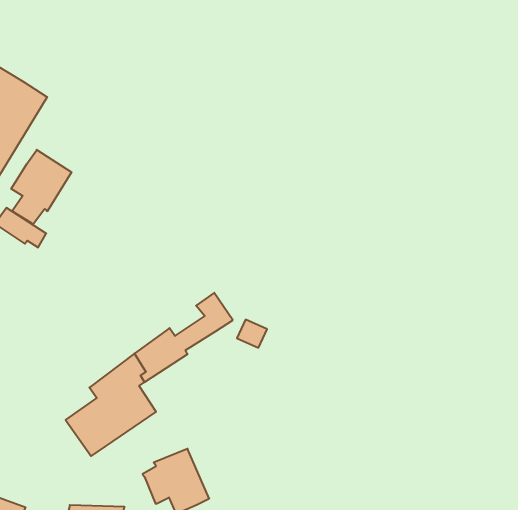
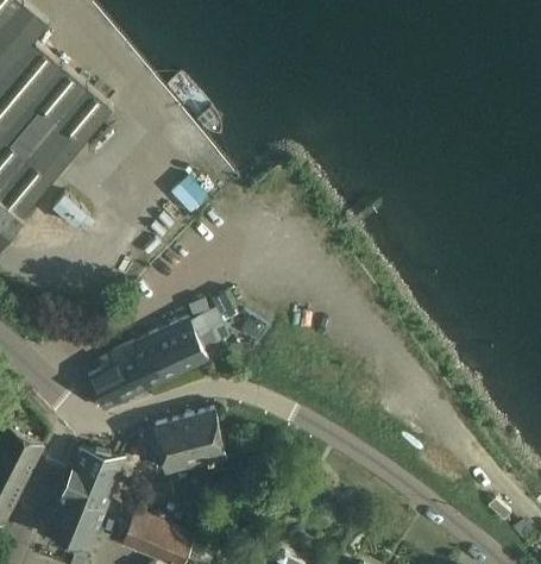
building: [11,150,71,225] -> none
building: none -> [152,325,229,384]
building: none -> [184,411,225,463]

